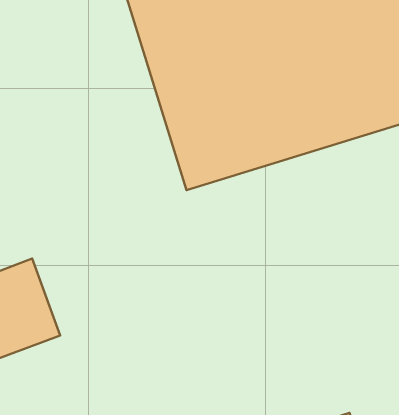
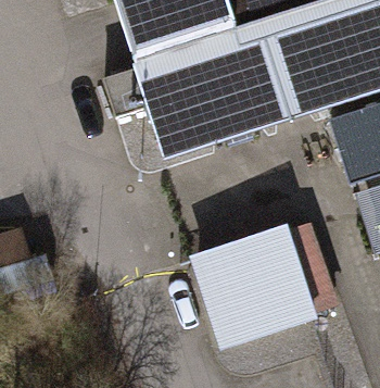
building: none -> [191,214,327,330]

